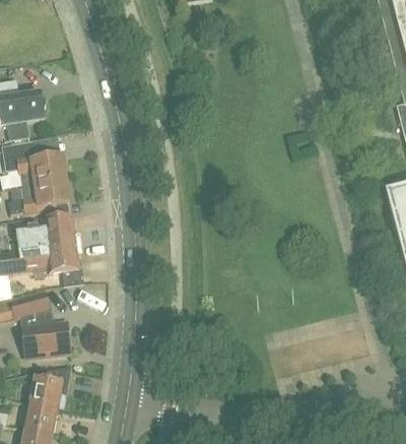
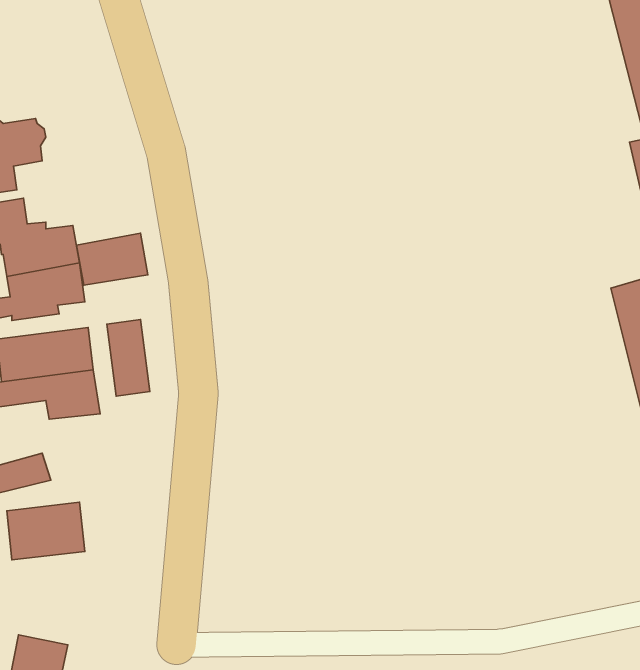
building: none -> [76,233,148,285]
building: none -> [107,319,150,396]
building: [30,367,73,407] -> none

